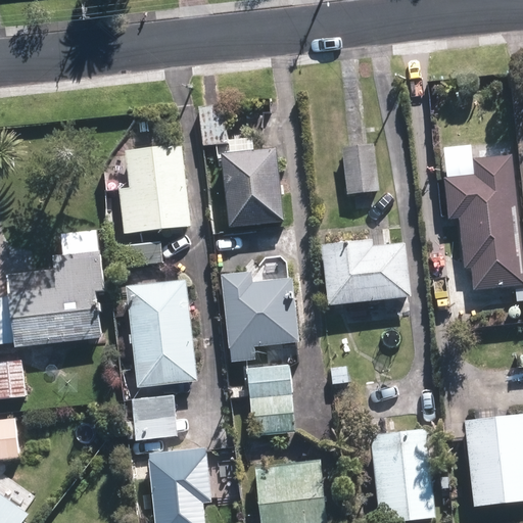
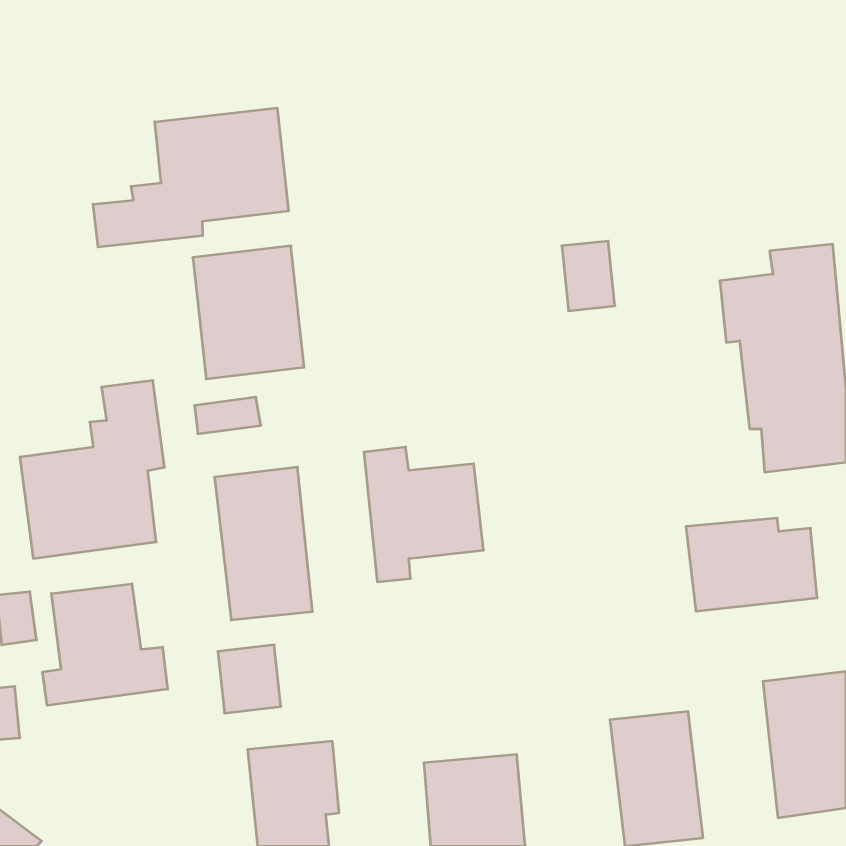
building: none -> [93,108,288,247]
building: [226,152,281,226] -> none
building: [327,244,408,301] -> [686,518,817,611]
building: none -> [43,584,168,705]
building: [249,368,290,412] -> none

